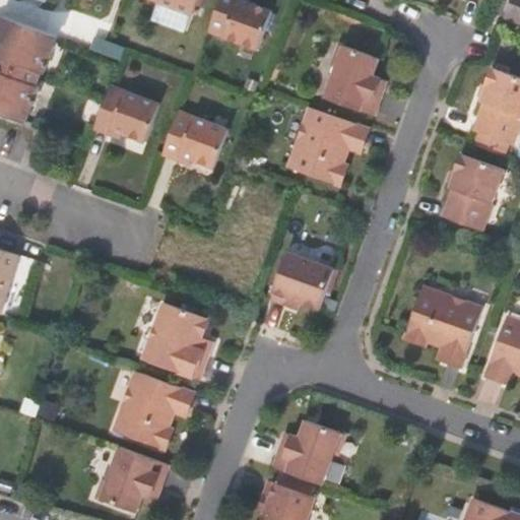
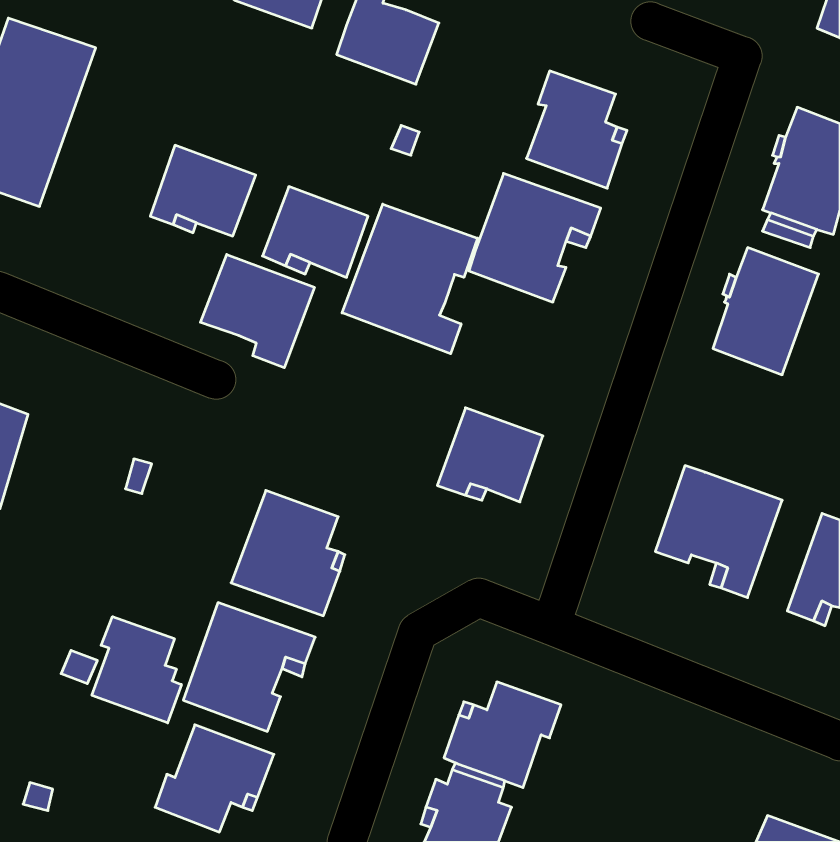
building: none -> [342,204,478,354]
building: none -> [200,254,314,368]
building: none -> [92,617,181,723]

